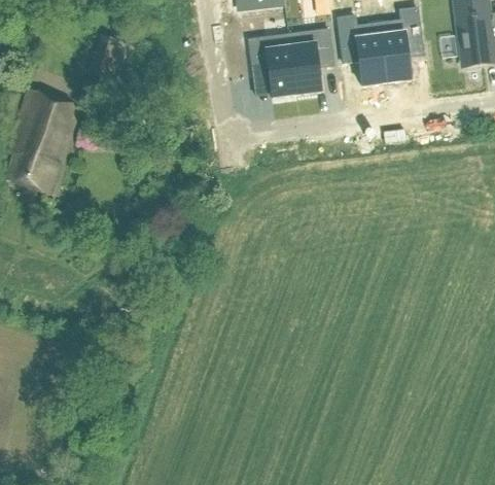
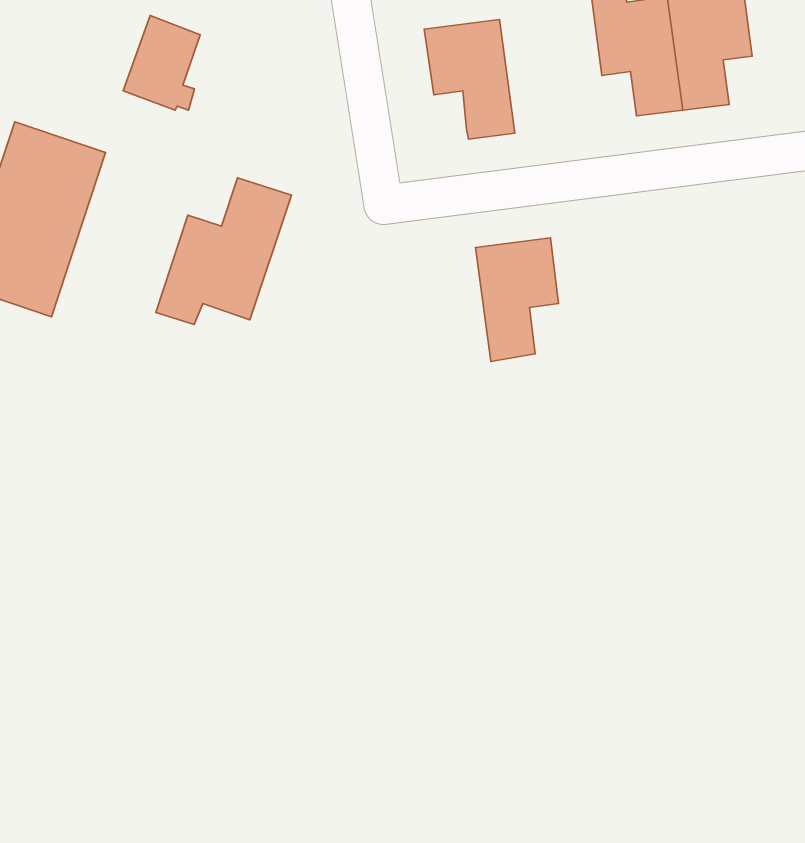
building: [289,29,333,95] -> [475,238,558,361]
building: none -> [156,178,291,324]

